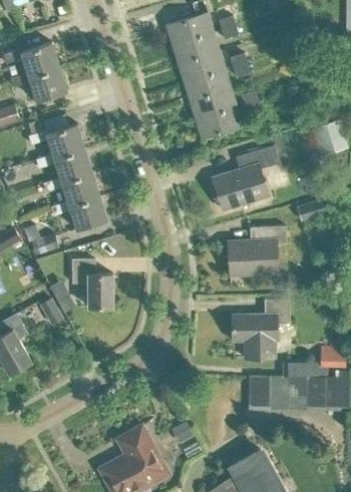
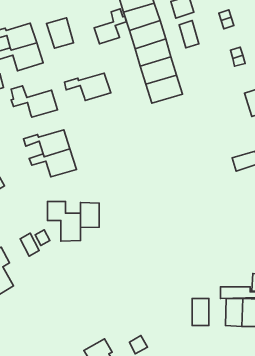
building: none -> [94,9,126,44]
building: none -> [47,18,74,48]
building: [213,145,279,210] -> none
building: [36,148,92,181] -> [65,73,111,100]
building: [27,226,59,256] -> none
building: [228,226,286,275] -> none
building: none -> [81,203,99,227]
building: [232,300,290,359] -> none
building: [268,377,289,410] -> none

